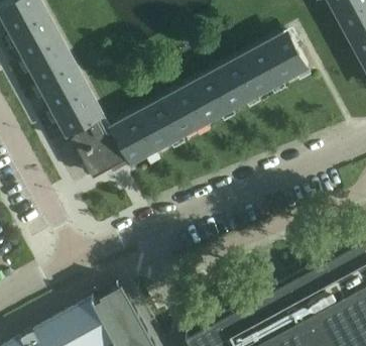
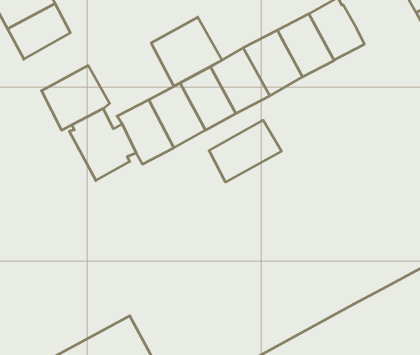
building: none -> [151,17,222,86]
building: [36,60,88,106] -> none
building: none -> [209,120,281,182]

